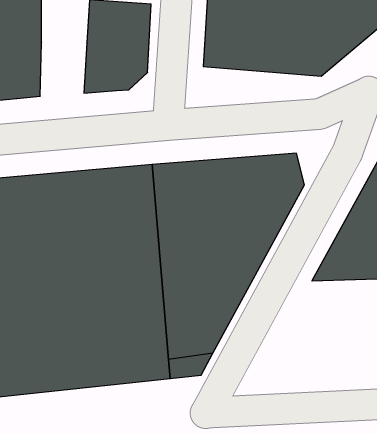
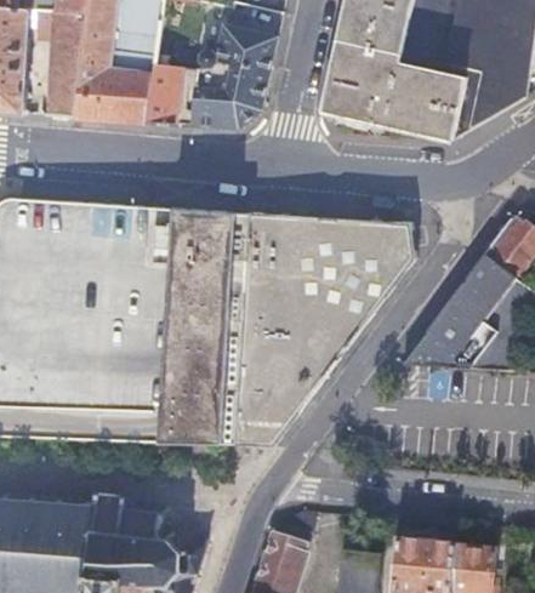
building: none -> [142,63,200,124]

